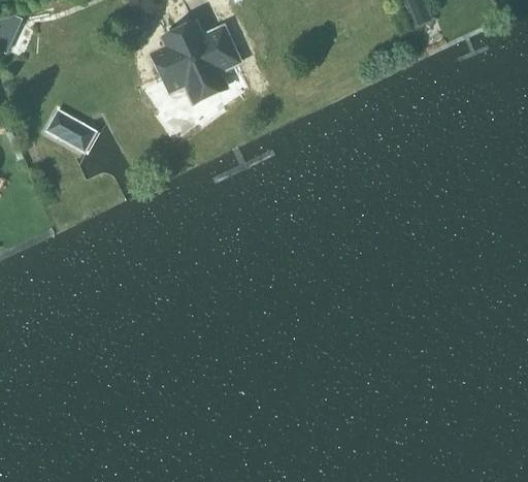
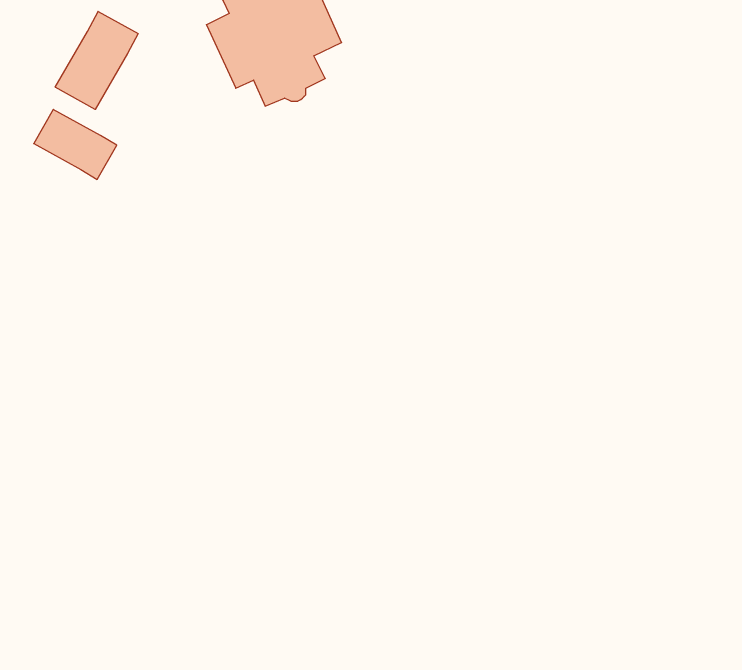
building: none -> [55,11,138,109]

